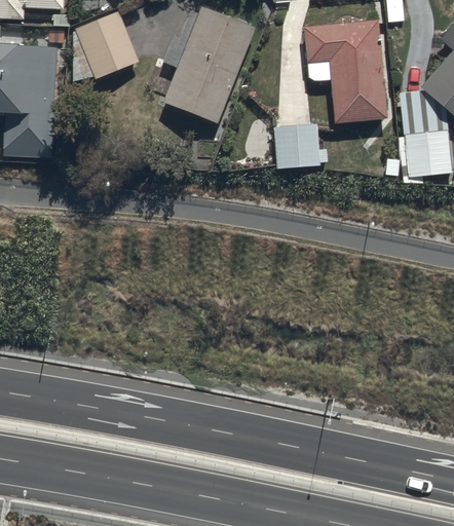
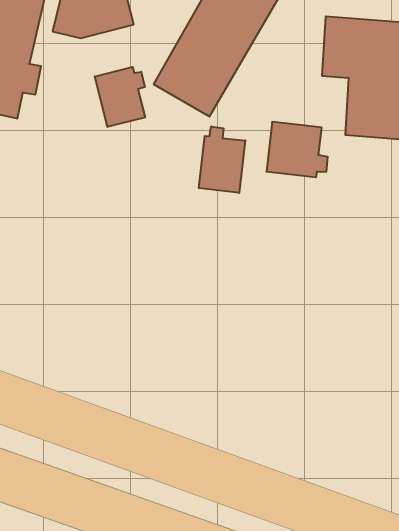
building: none -> [95,67,145,127]
building: none -> [199,126,245,193]

